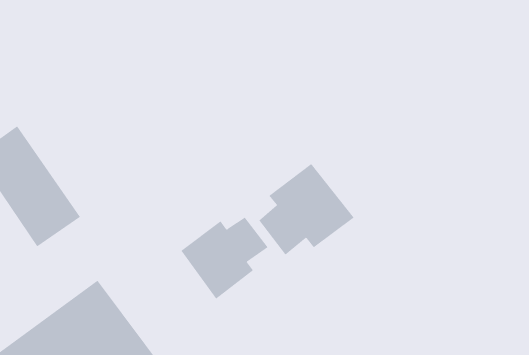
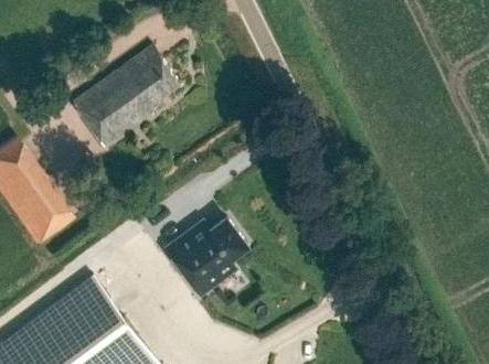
building: none -> [72,46,182,147]
building: [259,163,355,256] -> none

